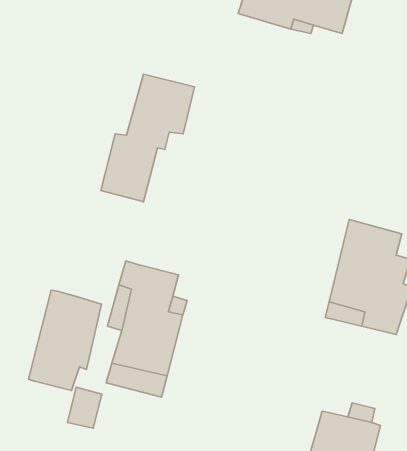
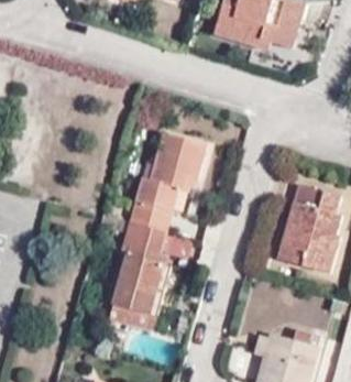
building: [101,74,195,202] -> [134,133,207,232]
building: [28,290,102,390] -> none

